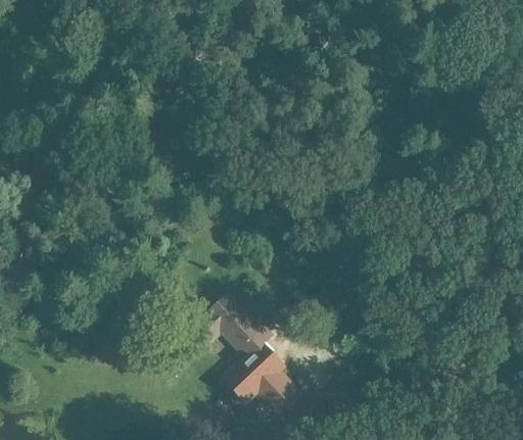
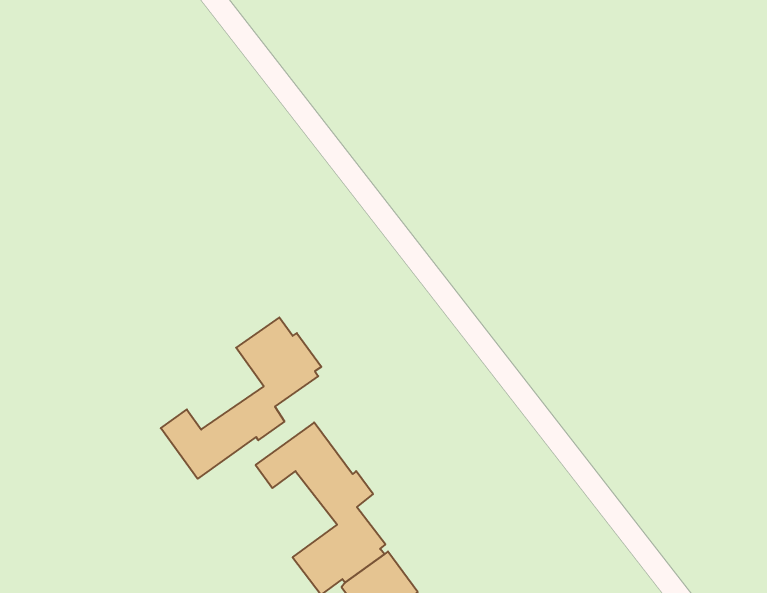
building: none -> [161,317,321,479]

